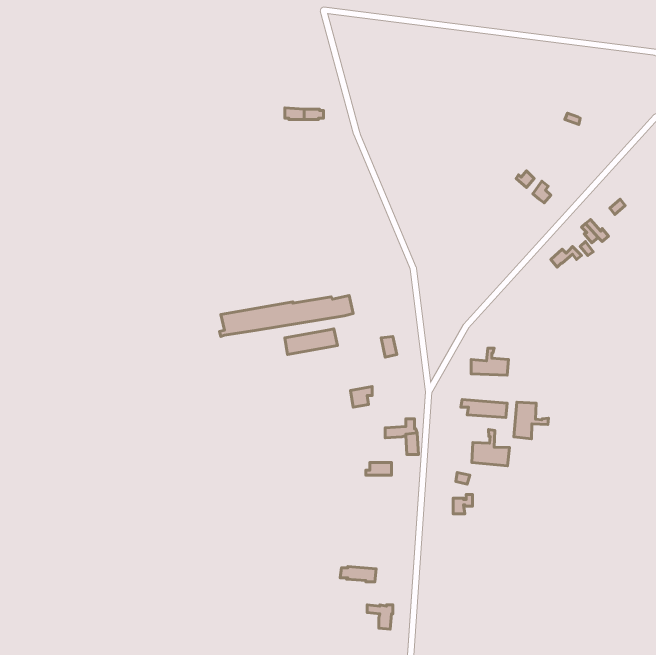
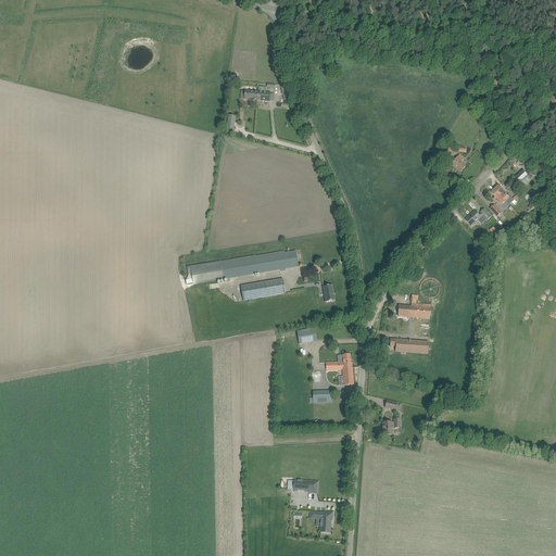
building: [514,402,549,439] -> none
building: [472,430,510,466] -> none

